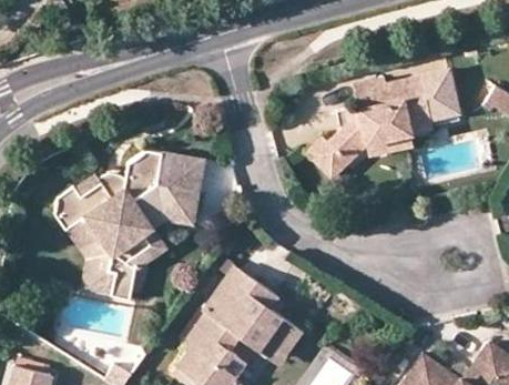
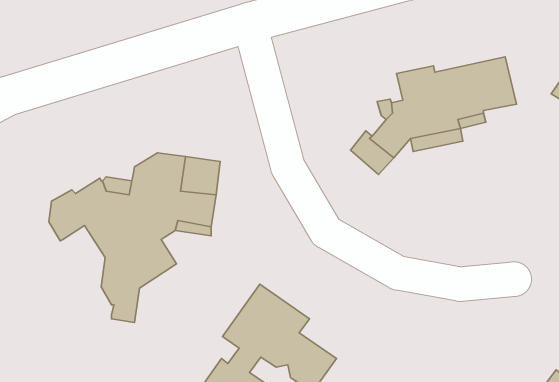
building: [62,216,106,294] -> none

